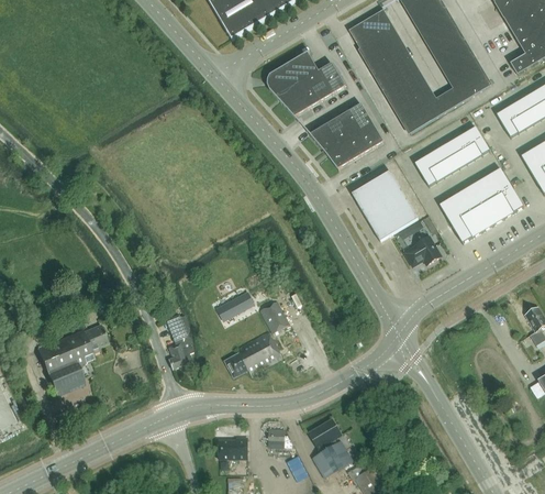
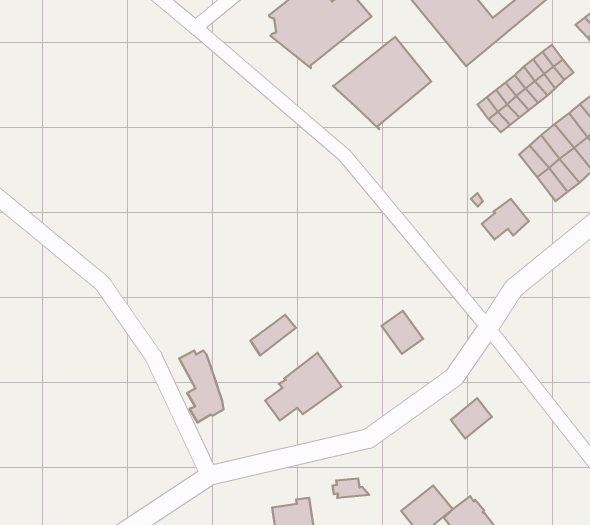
building: [352,169,418,240] -> none
building: [259,299,289,331] -> [381,311,423,354]
building: [36,322,108,395] -> none
building: [309,418,340,447] -> [451,398,492,439]

